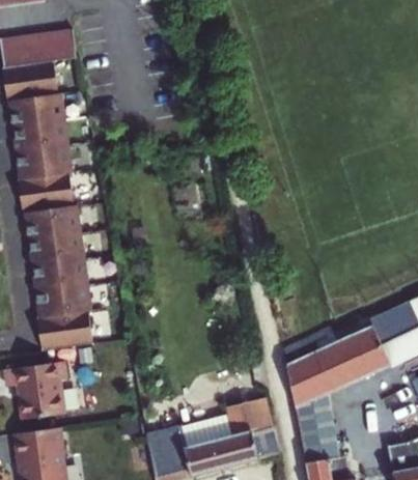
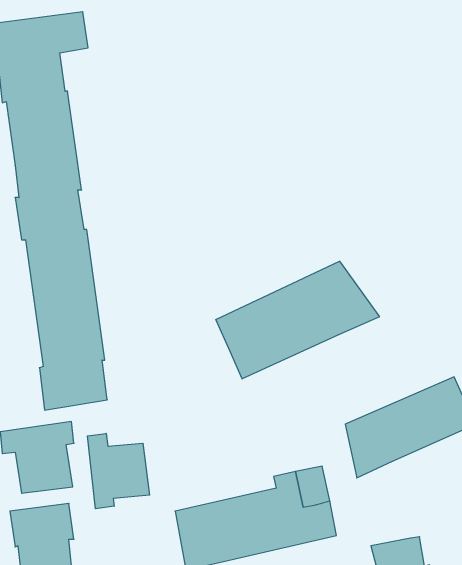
building: none -> [216,261,379,379]
building: none -> [88,433,149,509]
building: [295,393,338,461] -> none

